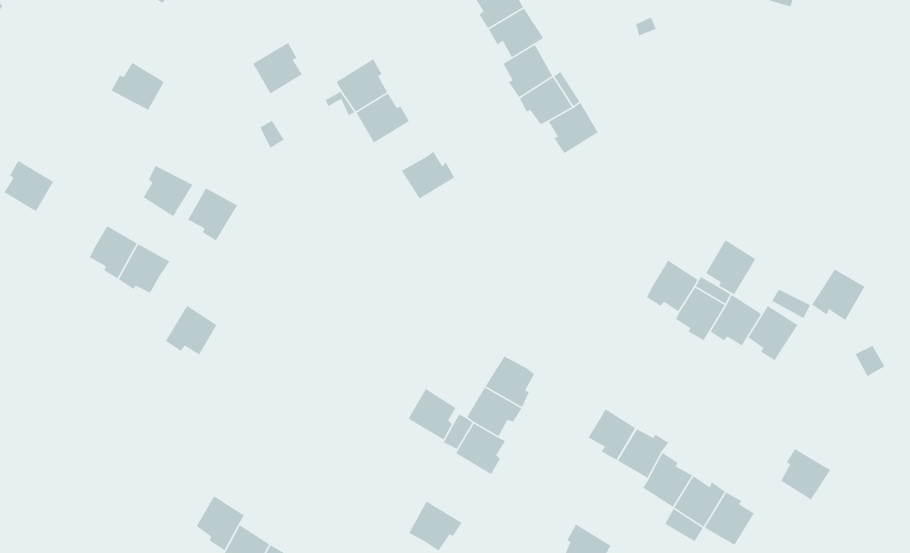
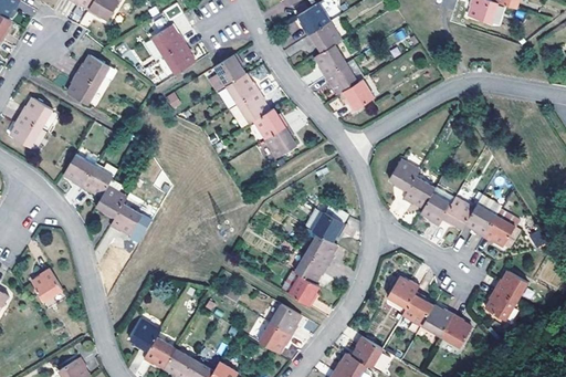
building: none -> [151,24,185,55]
building: none -> [237,91,269,124]
building: none -> [20,97,53,127]
building: [143,165,193,217] -> [69,72,99,104]
building: none -> [264,125,295,157]
building: [187,187,238,242] -> [95,186,126,219]
building: [705,239,756,295] -> [388,157,419,191]
building: [811,269,865,321] -> [481,214,514,247]
building: none -> [311,211,344,241]
building: [408,388,457,440] -> [269,303,298,335]
building: [587,408,636,461] -> none
building: none -> [31,266,62,300]
building: none -> [493,272,526,303]

